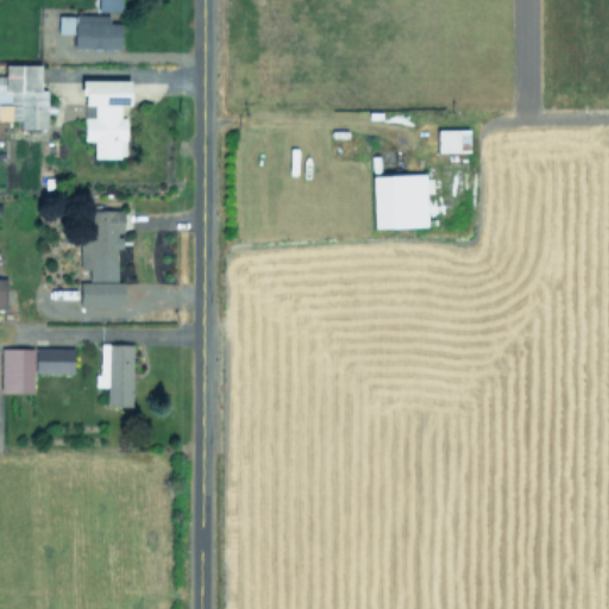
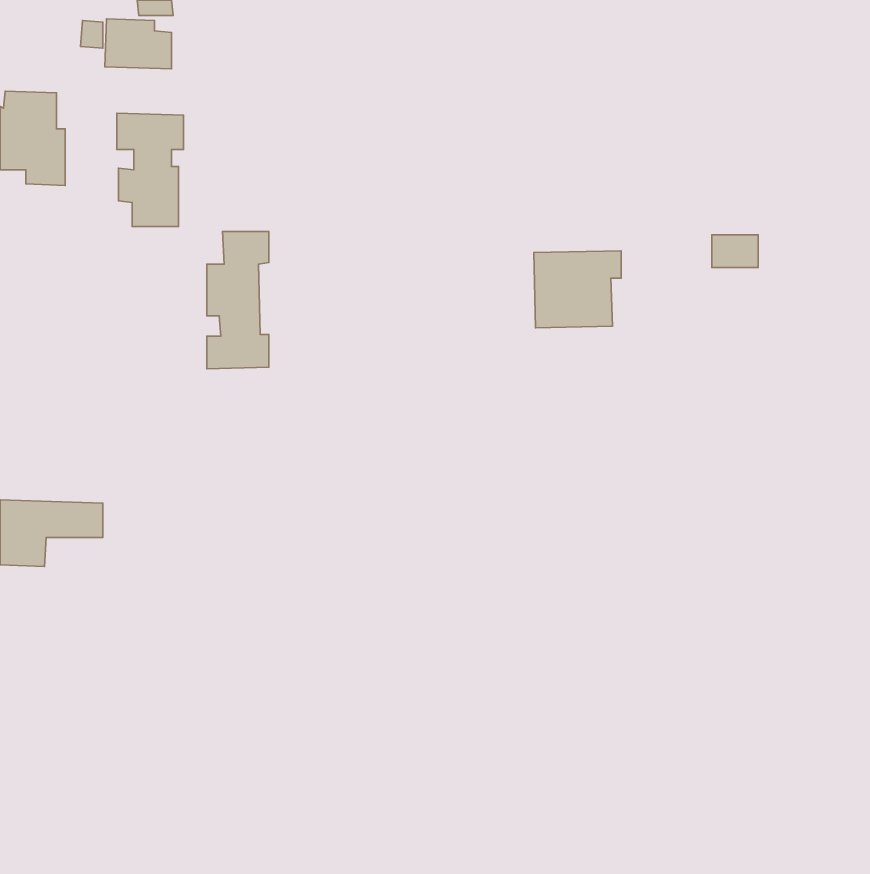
building: [440,131,472,153] -> [712,235,758,268]
building: [83,212,126,307] -> [207,232,269,369]
building: [98,345,136,408] -> none

